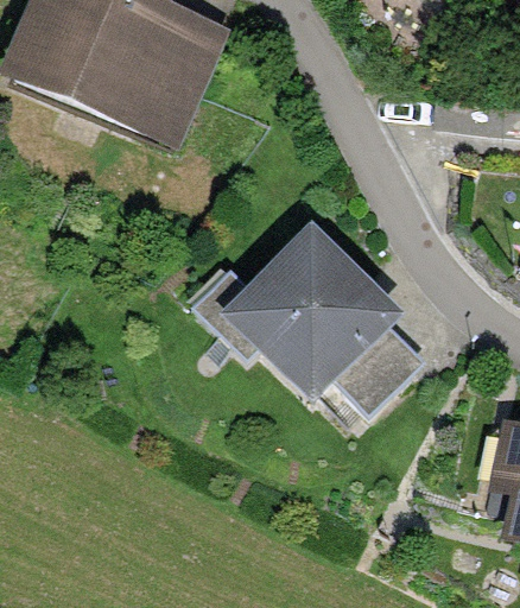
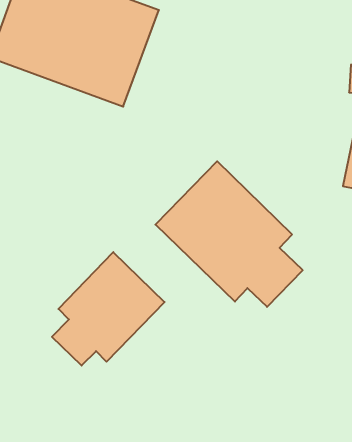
building: none -> [52,252,165,366]

